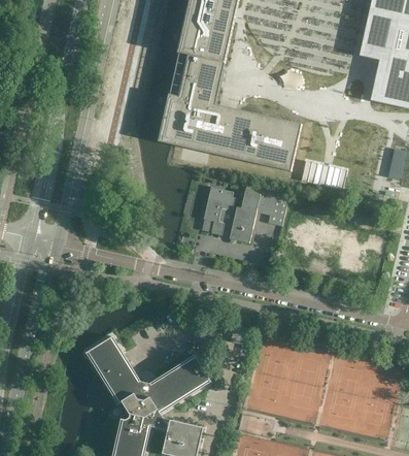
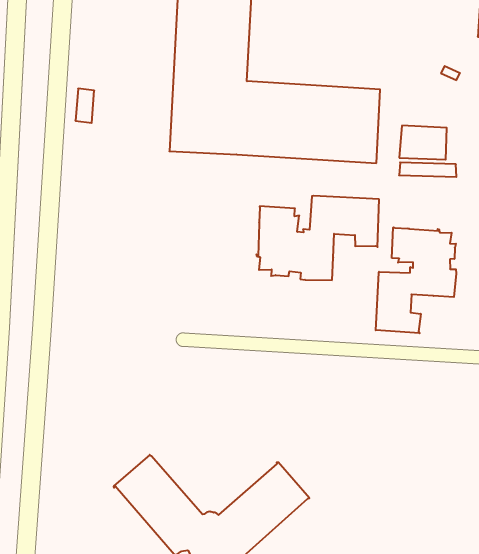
building: none -> [376,227,456,333]

